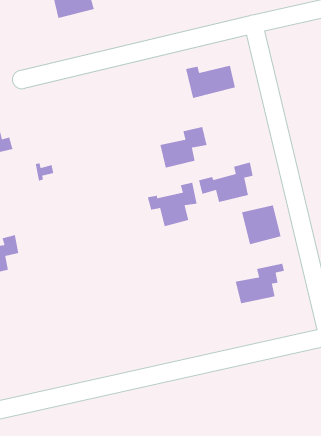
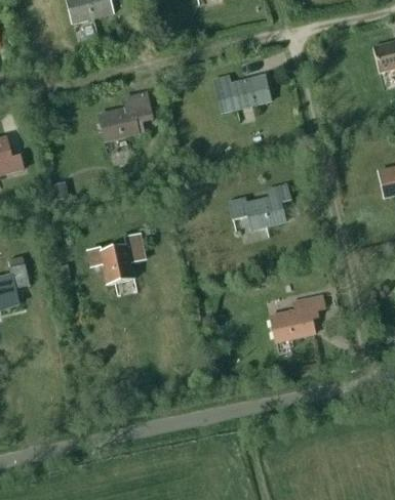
building: [160,126,208,169] -> [98,93,152,140]
building: [147,182,197,227] -> [88,235,145,285]
building: [241,204,281,245] -> none

